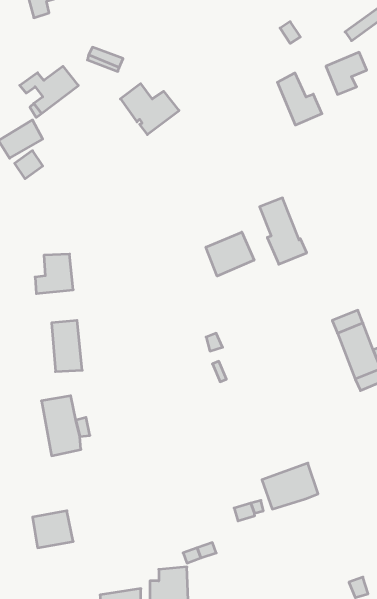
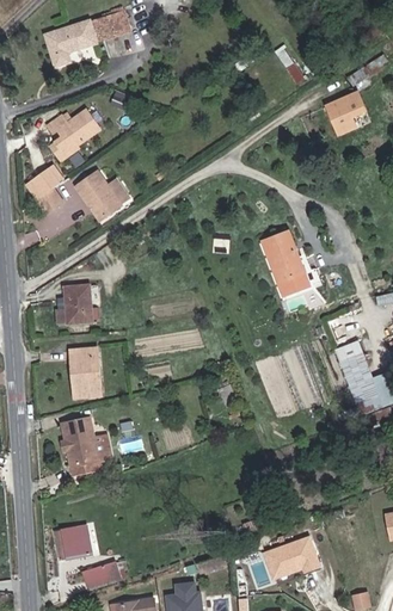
building: [277,73,322,125] -> none
building: [120,84,179,135] -> [76,173,131,221]
building: [206,232,254,276] -> none
building: [262,463,318,509] -> [268,532,320,575]
building: none -> [84,563,121,591]

